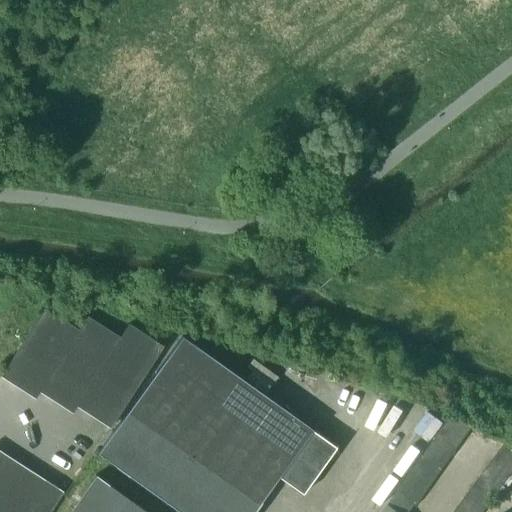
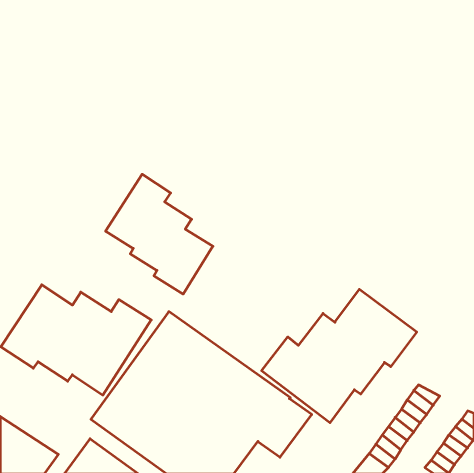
building: none -> [106,174,213,294]
building: none -> [262,289,417,423]

